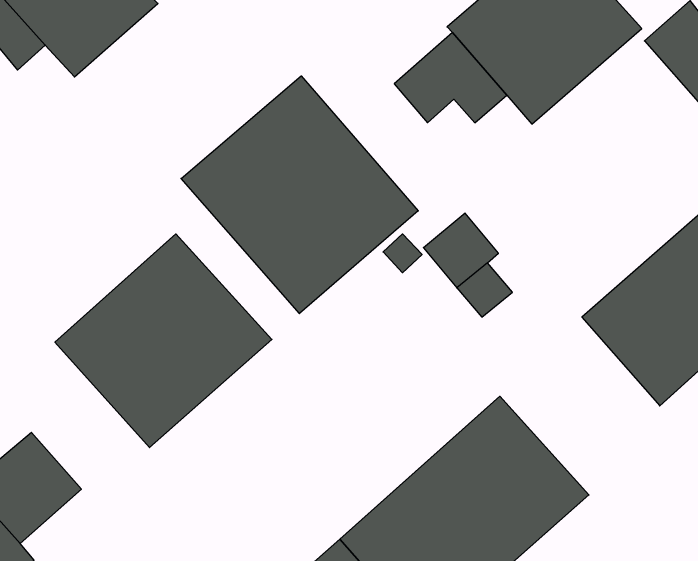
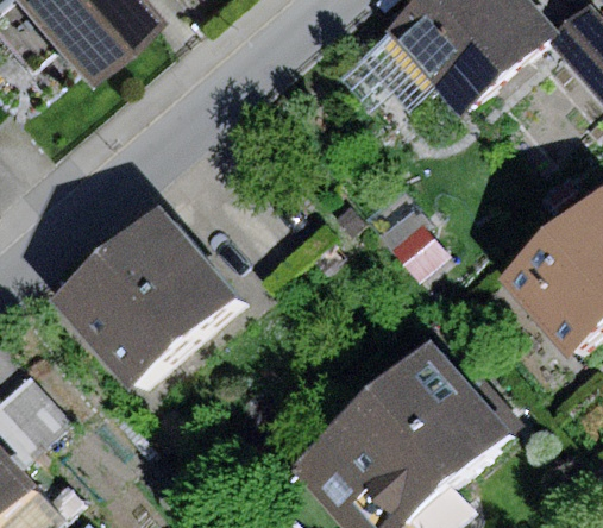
building: [181,76,418,314] -> none

